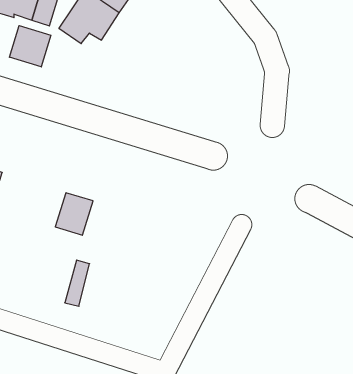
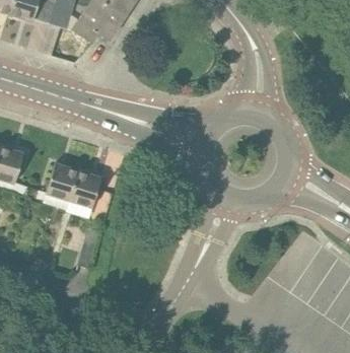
building: [9,26,51,67] -> none
building: none -> [47,163,79,200]

